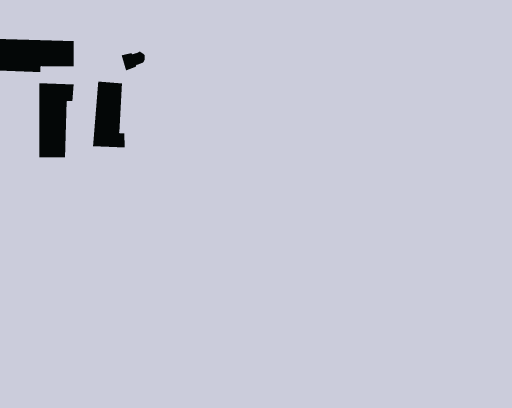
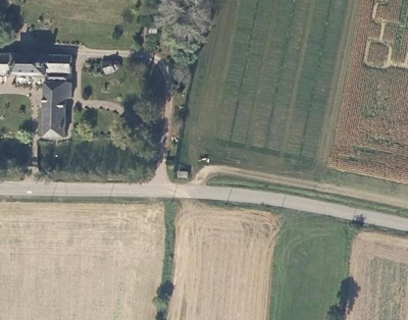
building: [92,81,125,148] -> none

